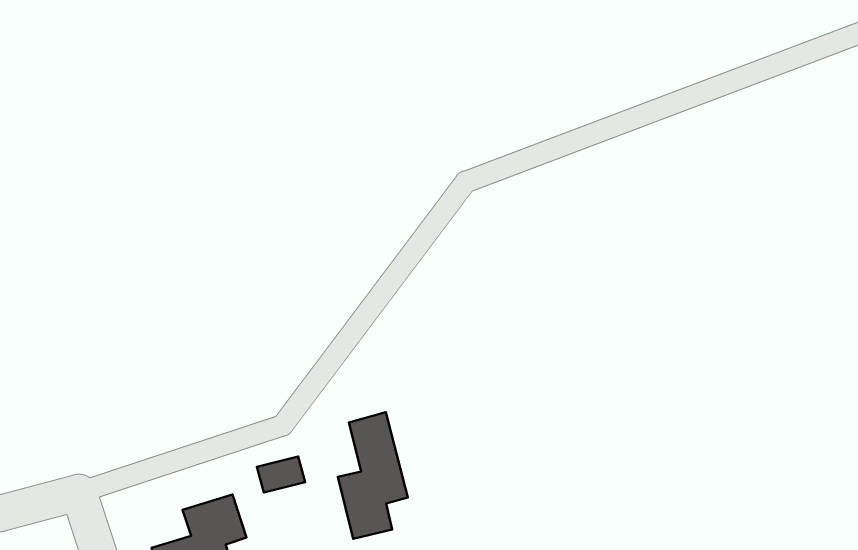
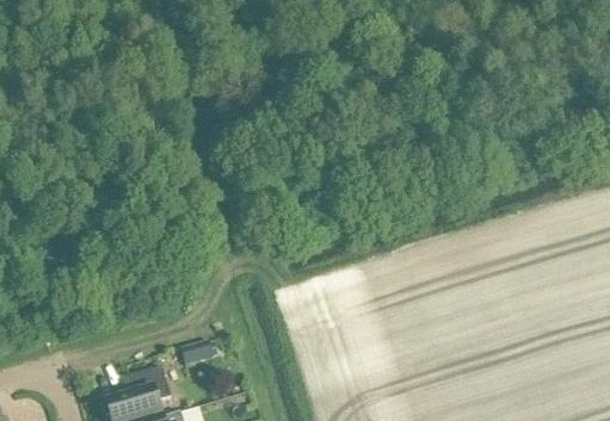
building: [338,412,408,539] -> none

